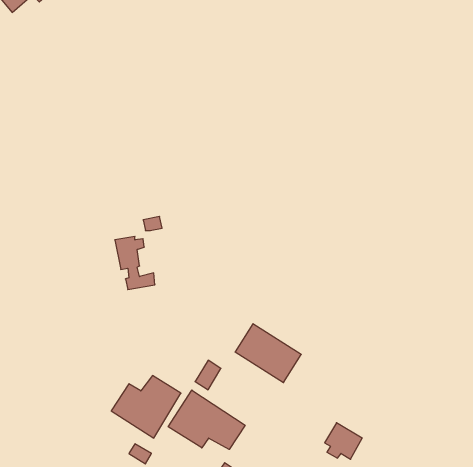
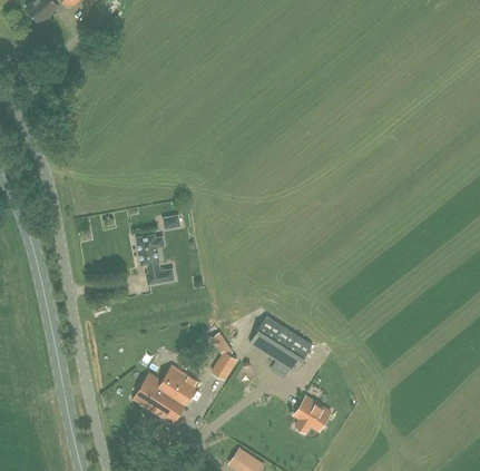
building: [168,390,245,449] -> none
building: [325,423,362,459] -> [295,396,331,431]

